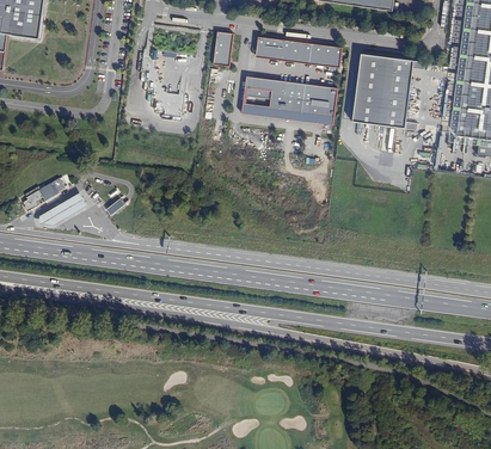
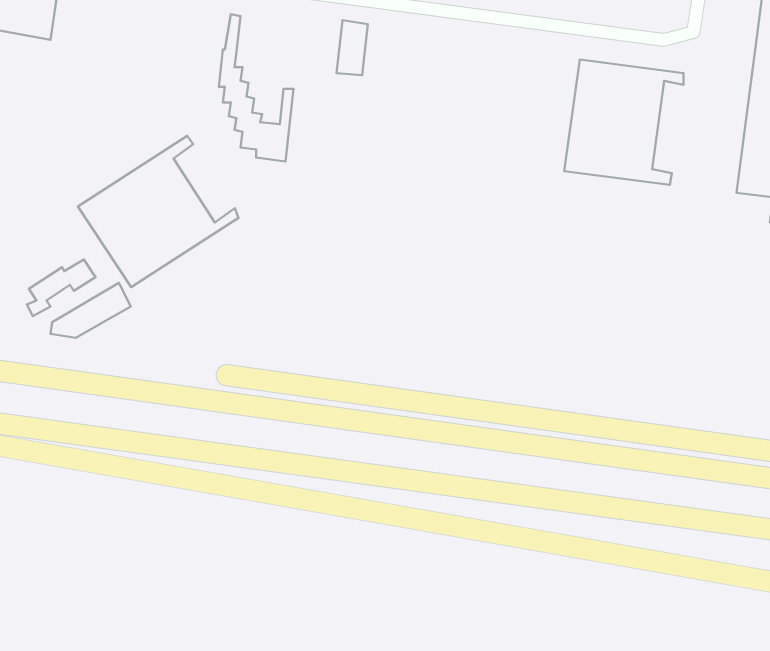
building: [253,35,342,64] -> none
building: [240,75,336,123] -> none
building: none -> [78,136,239,287]

